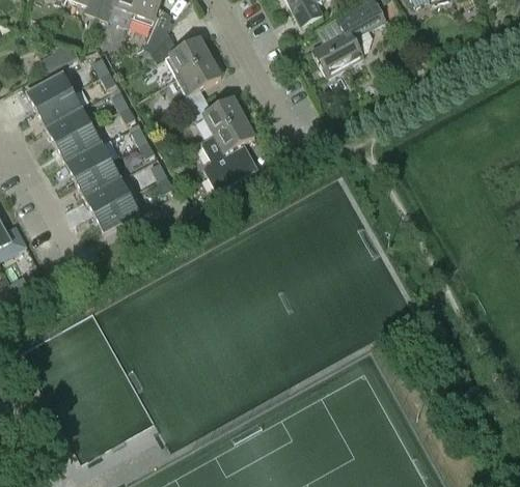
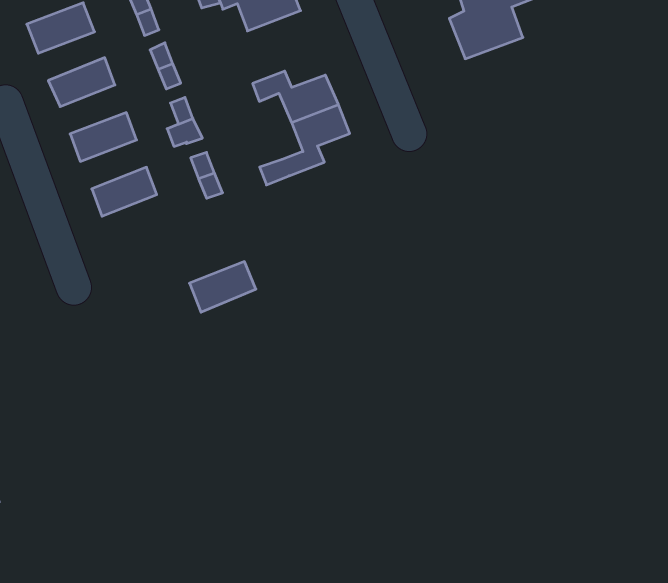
building: [175,56,223,110] -> none
building: [35,89,81,126] -> none
building: [55,123,101,161] -> none
building: [74,159,119,196] -> none
building: [93,194,139,232] -> [189,262,256,312]

